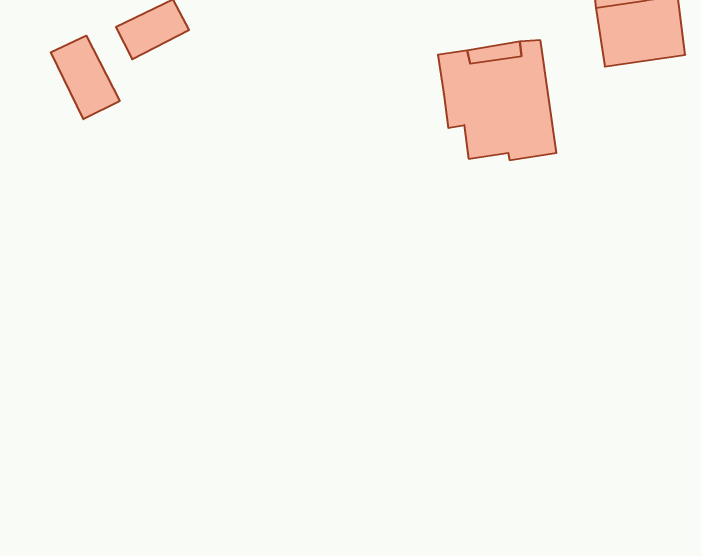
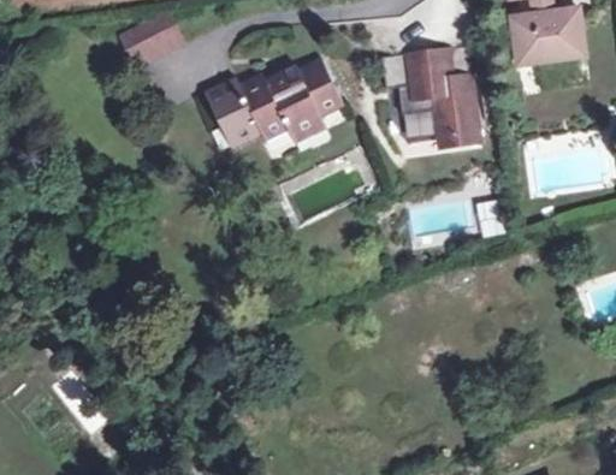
building: [51,36,120,119] -> none
building: none -> [207,61,343,147]

